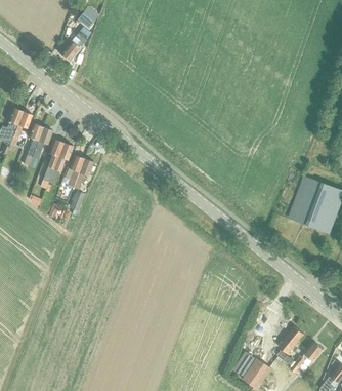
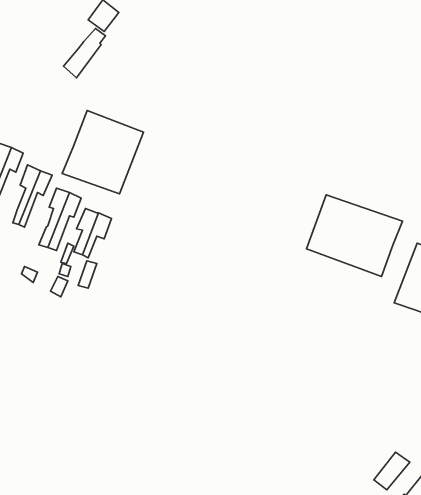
building: none -> [62,111,143,194]
building: none -> [306,195,402,276]

